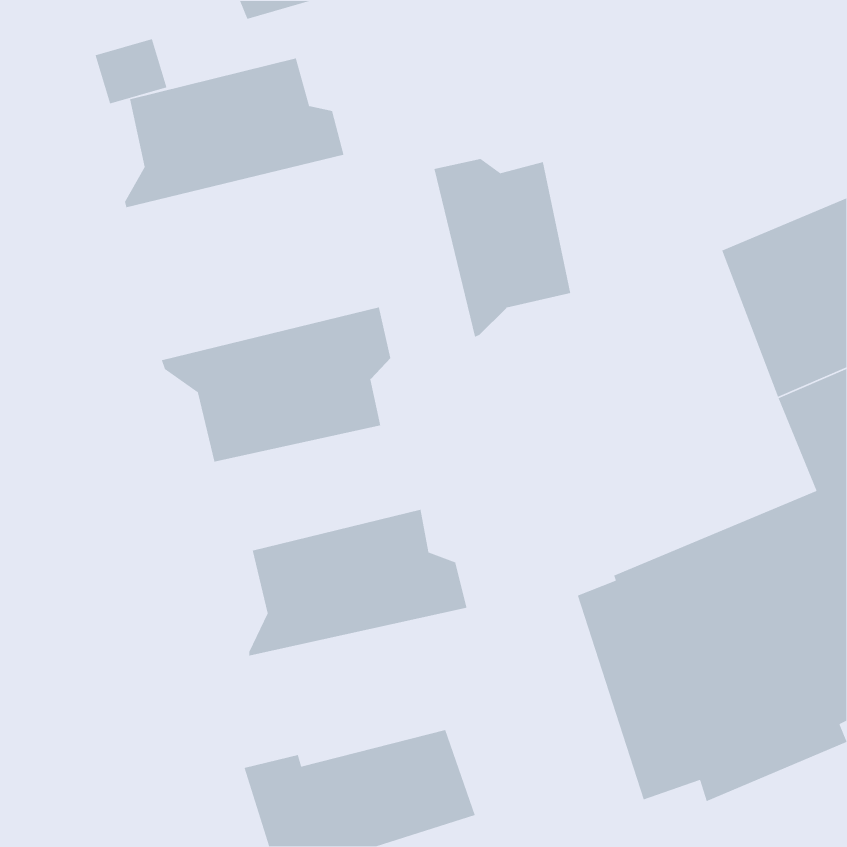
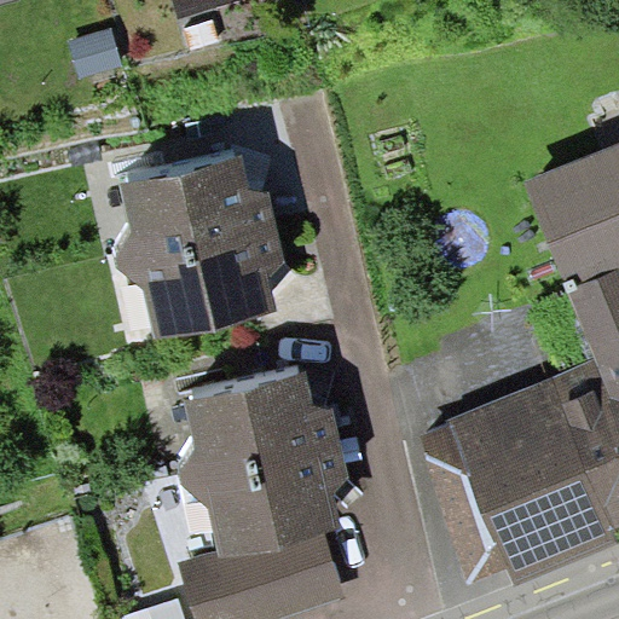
building: [124,57,345,208] -> [116,152,277,262]
building: [434,158,571,338] -> none
building: none -> [181,444,349,559]

